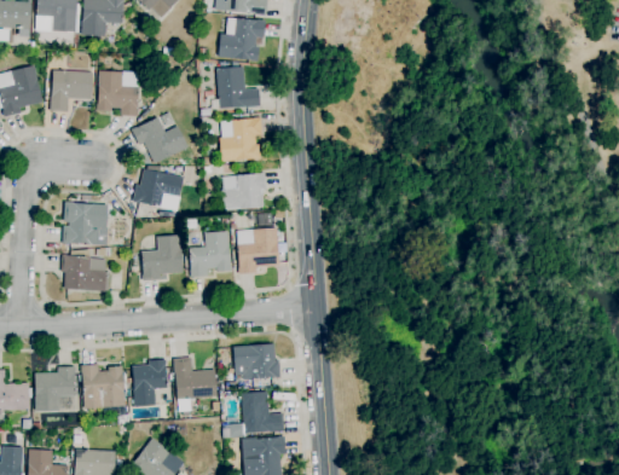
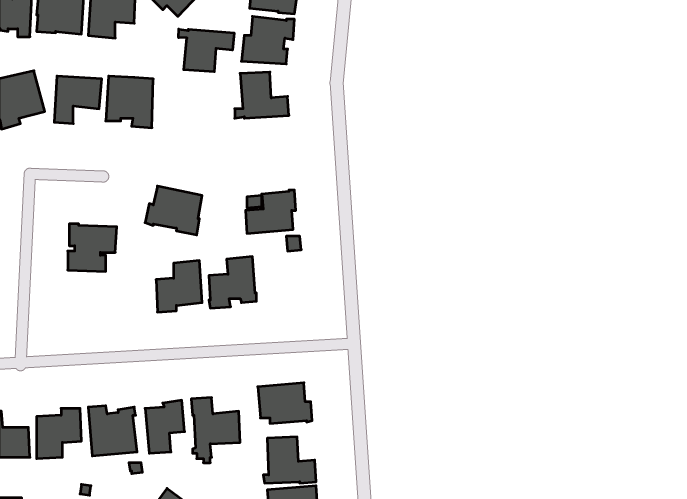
building: none -> [179,29,234,72]
building: [132,117,189,163] -> none
building: [220,117,264,161] -> none
building: [238,227,280,273] -> none
building: [62,249,111,291] -> none

